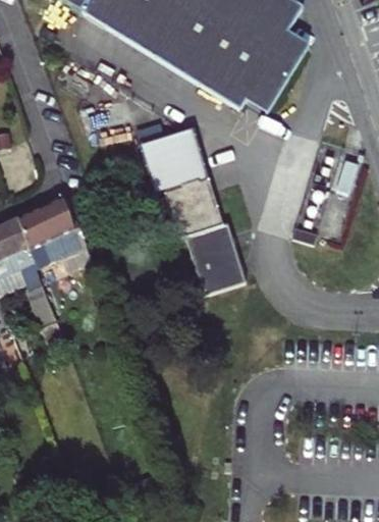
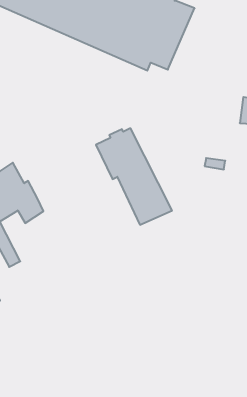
building: [153,136,208,189] -> none

